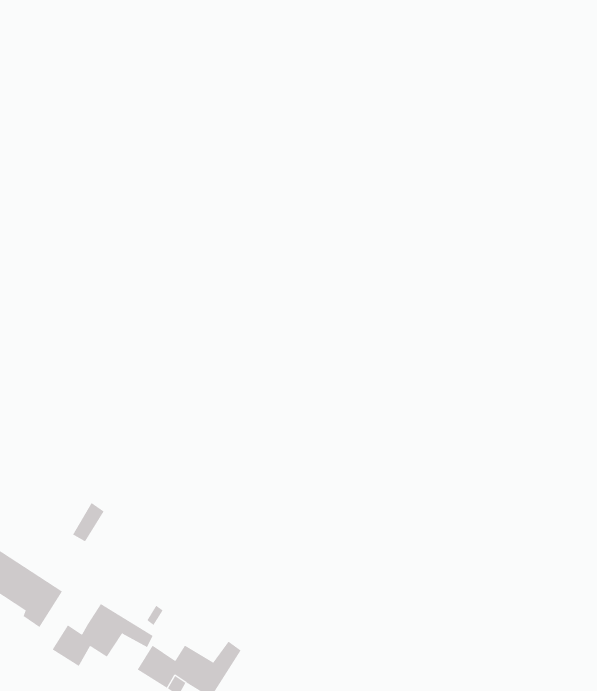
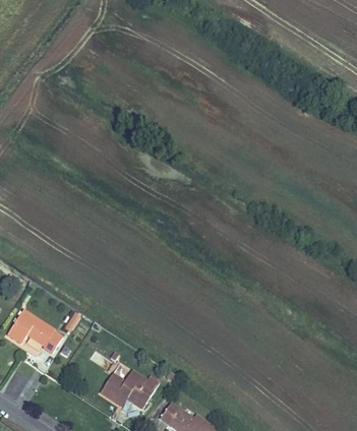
building: [52,603,153,667] -> none

